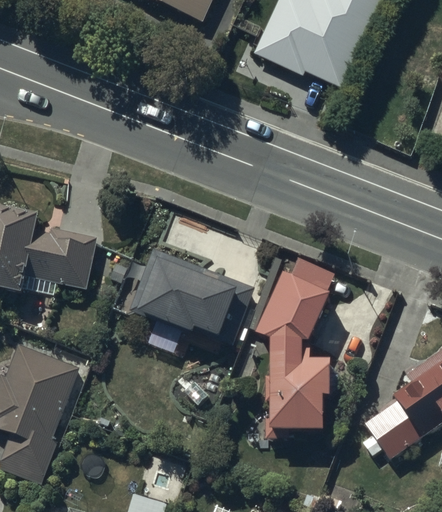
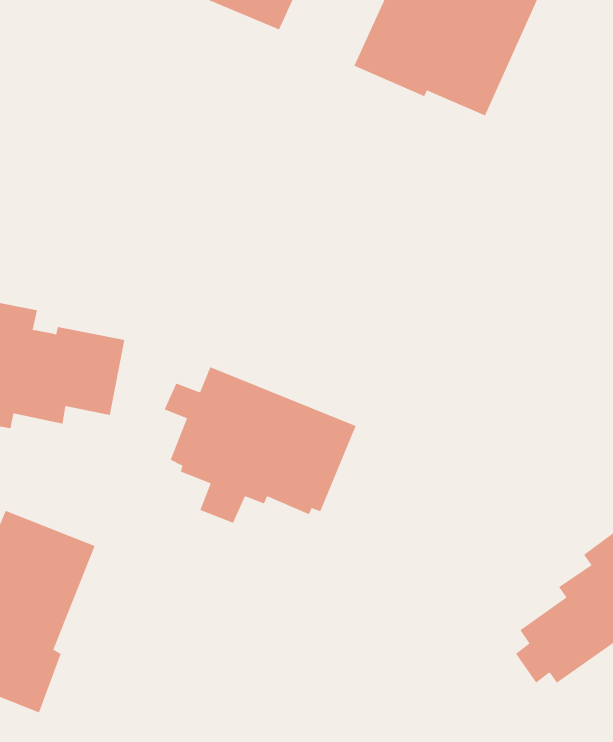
building: [254,254,335,436] -> none

